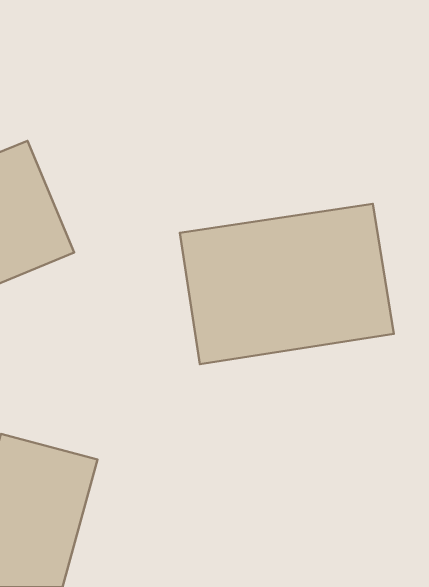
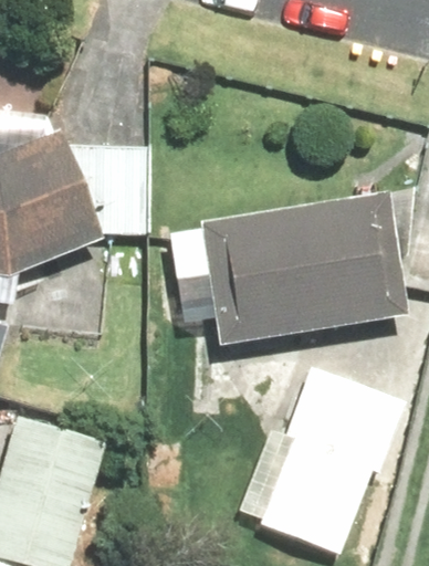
building: none -> [244,363,414,553]

